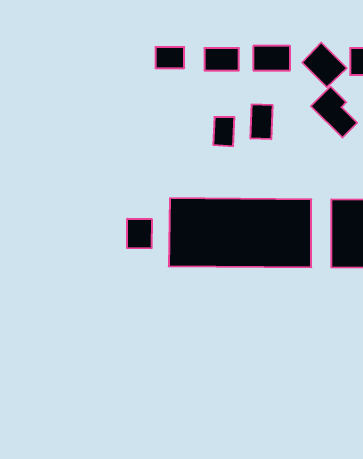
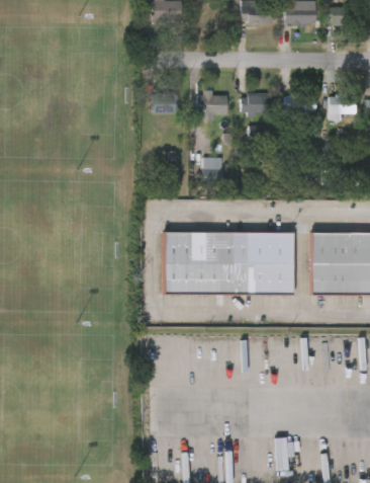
building: [311,87,357,138] -> none
building: [251,104,272,139] -> none
building: [127,219,152,248] -> none

